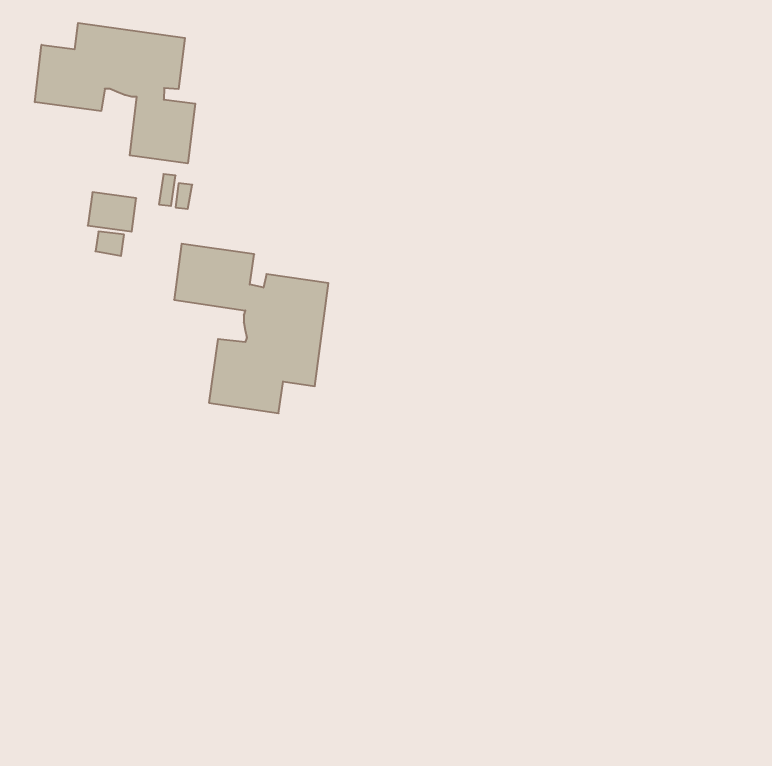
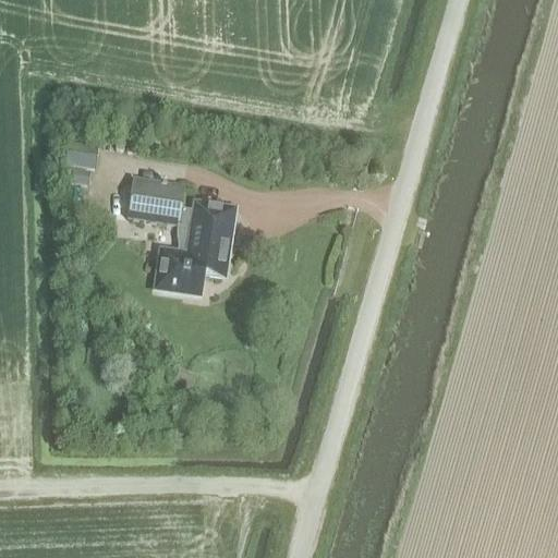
building: [35,23,195,163] -> none

